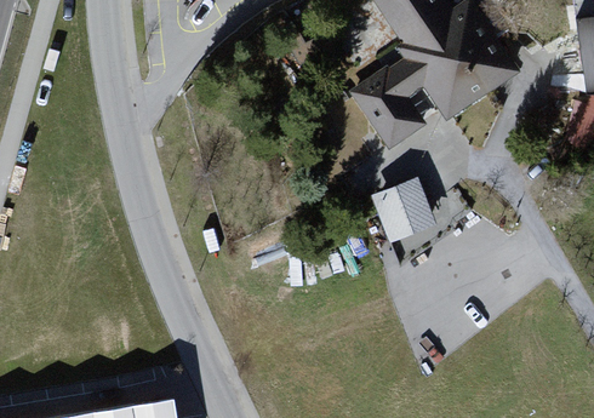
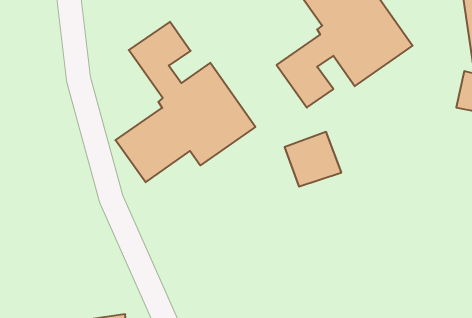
building: none -> [115,22,255,182]

